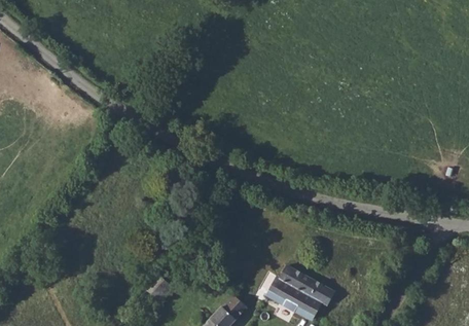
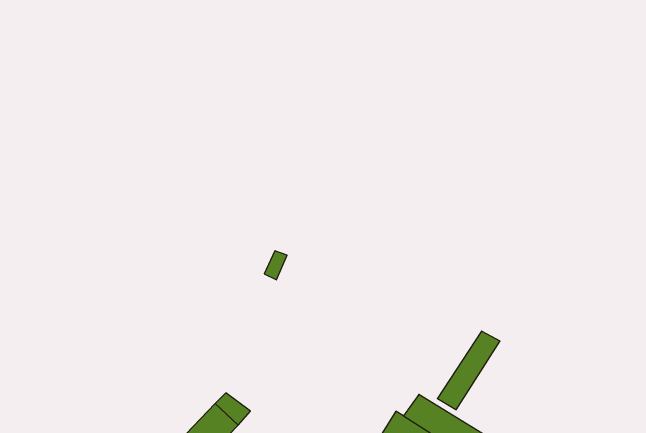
building: none -> [437,331,500,410]

